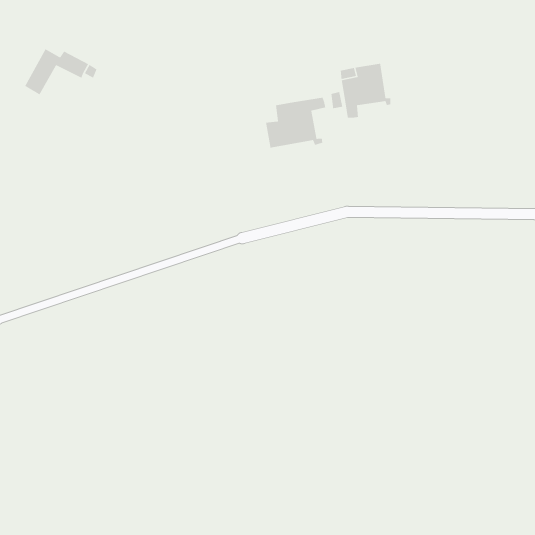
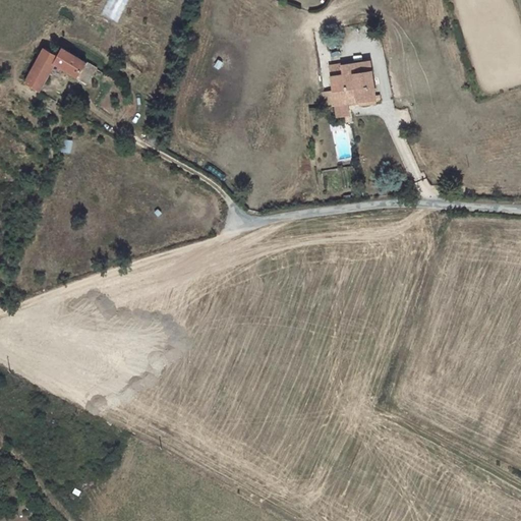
building: [265,97,326,148] -> none

